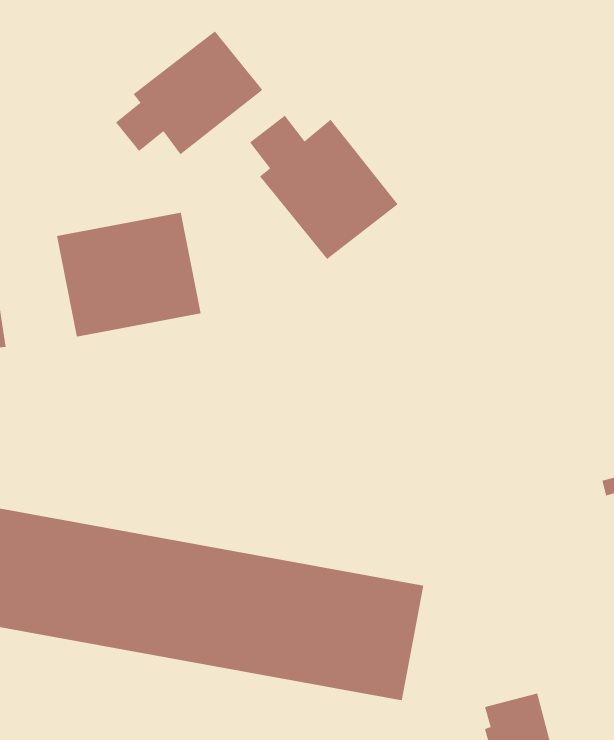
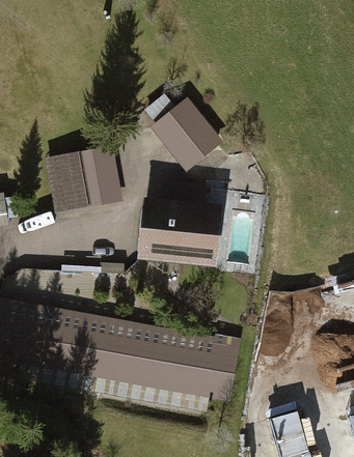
building: [115,30,263,155] -> none
building: none -> [142,182,223,265]

